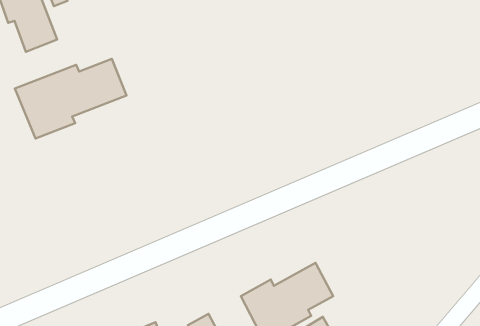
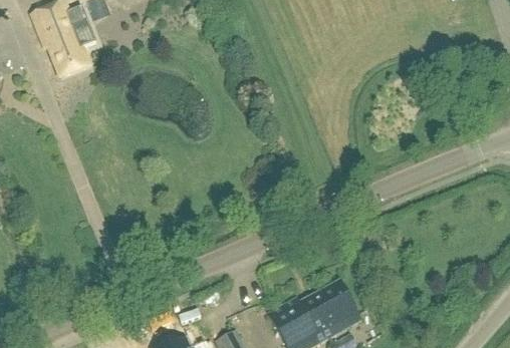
building: [15,59,127,138] -> none

